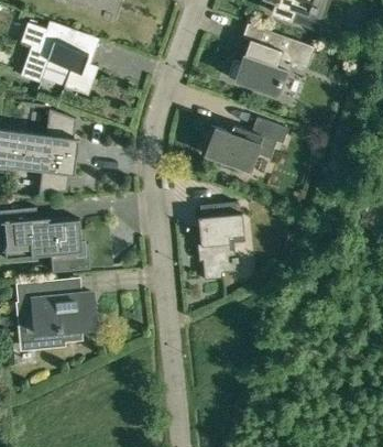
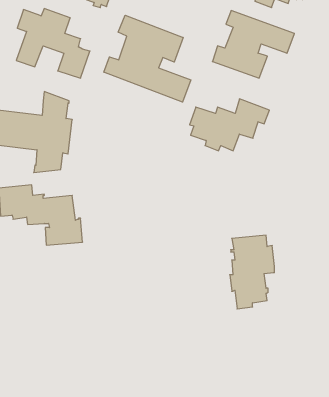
building: none -> [104,15,191,102]
building: [197,201,244,280] -> [230,235,274,309]
building: [18,281,96,346] -> none

